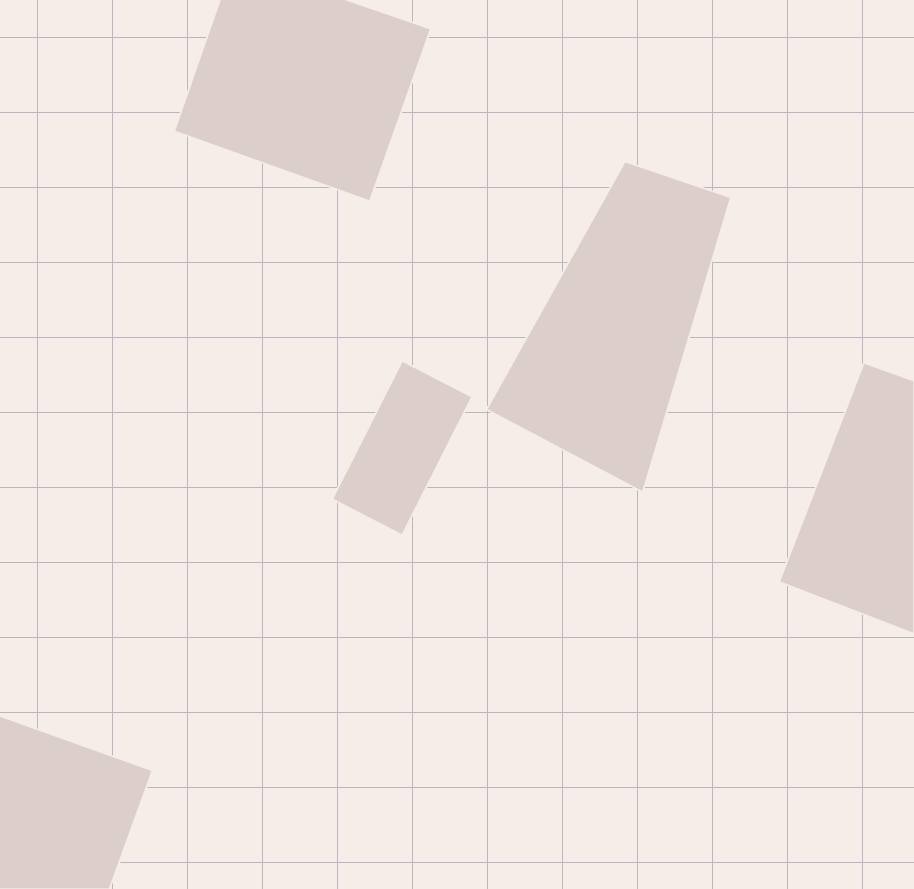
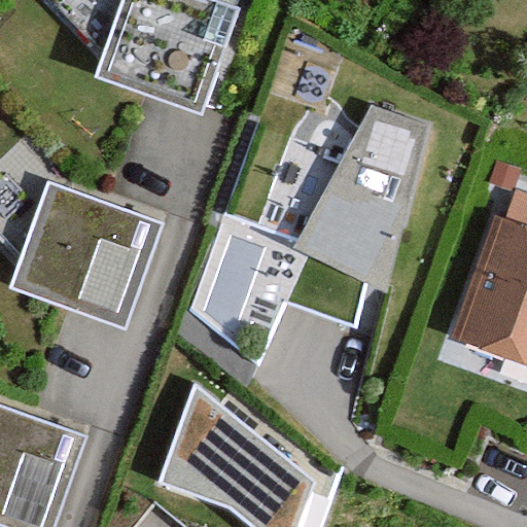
building: none -> [11,189,166,336]
building: none -> [166,393,319,505]

